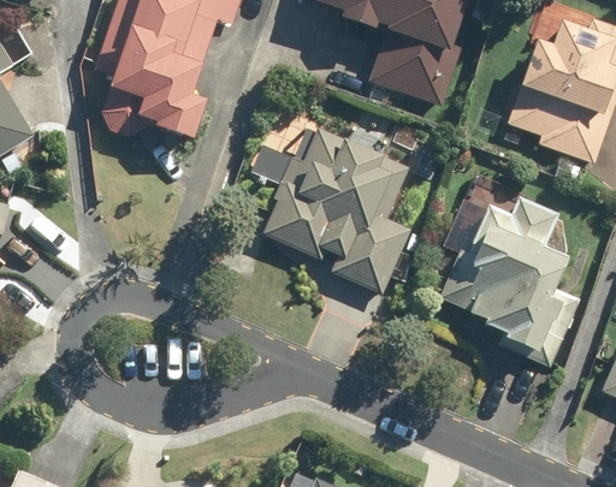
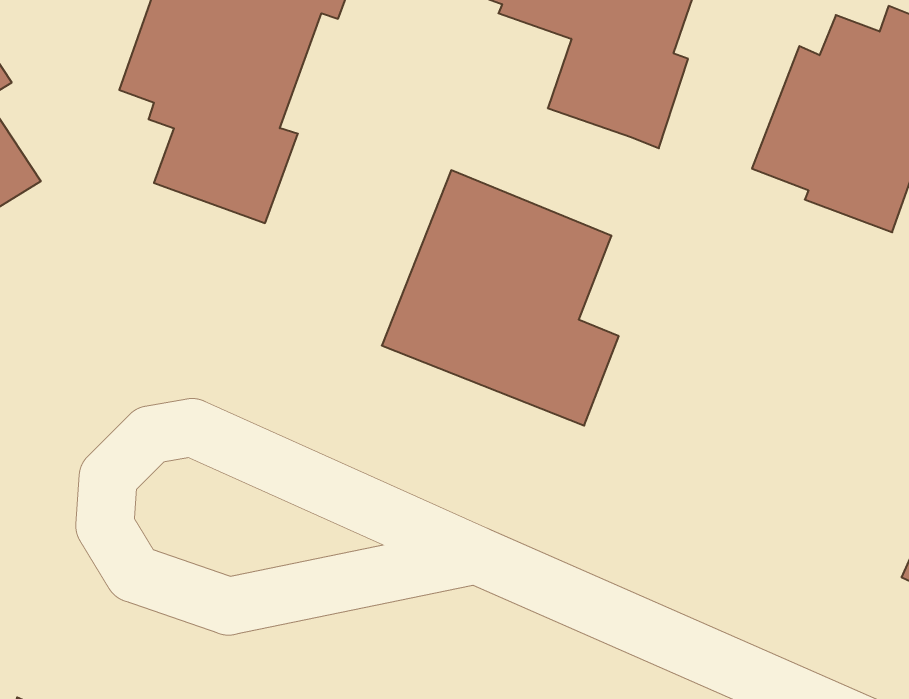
building: [439,194,579,362] -> none

